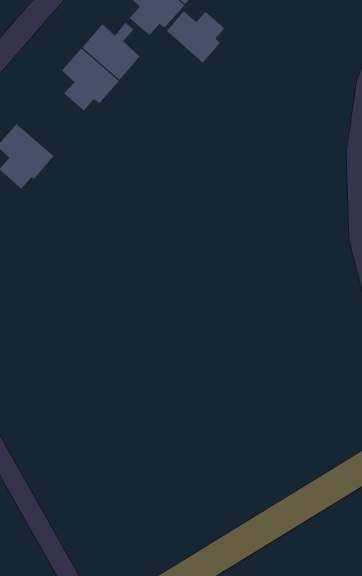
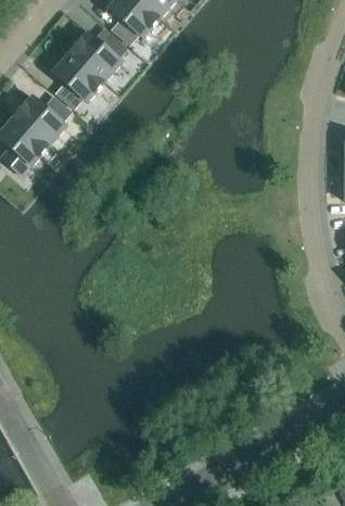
building: [166,10,225,63] -> none
building: none -> [16,94,71,144]

